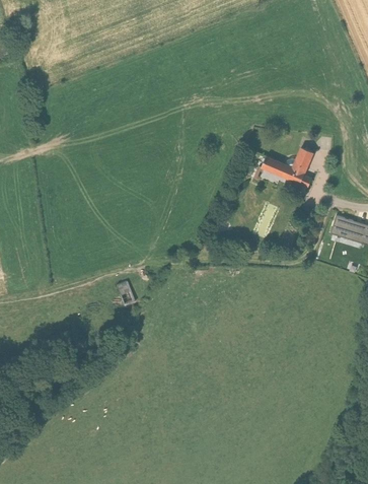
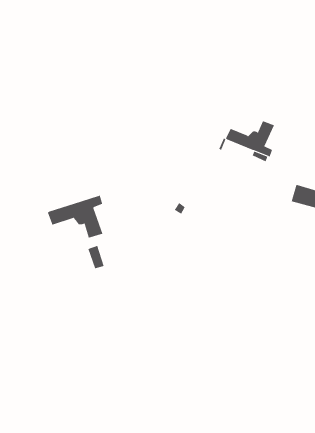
building: none -> [47,195,103,238]

